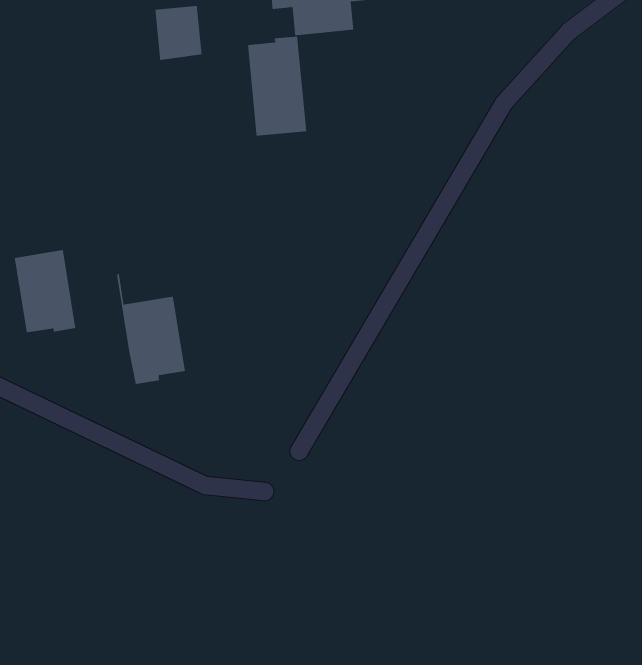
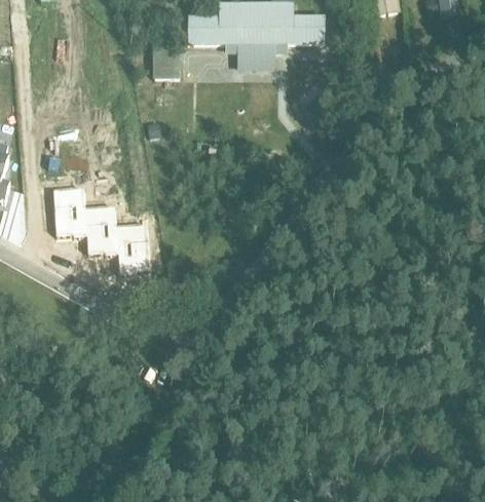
building: [247,36,307,137] -> none
building: none -> [83,187,117,255]

